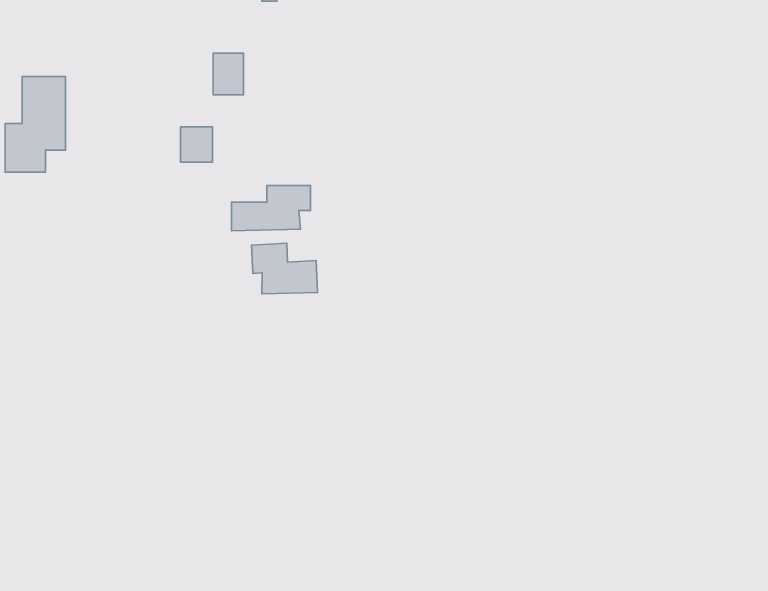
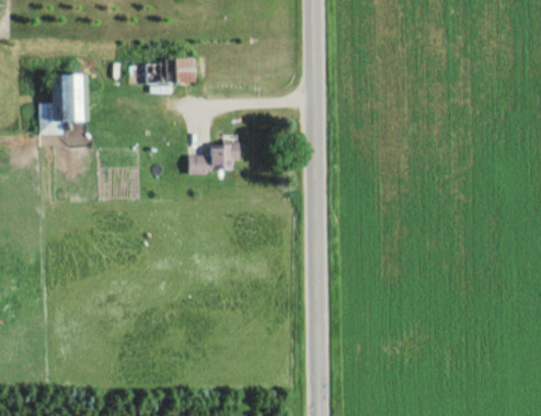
building: [181,127,212,162] -> [147,61,168,84]
building: [252,243,317,294] -> none

